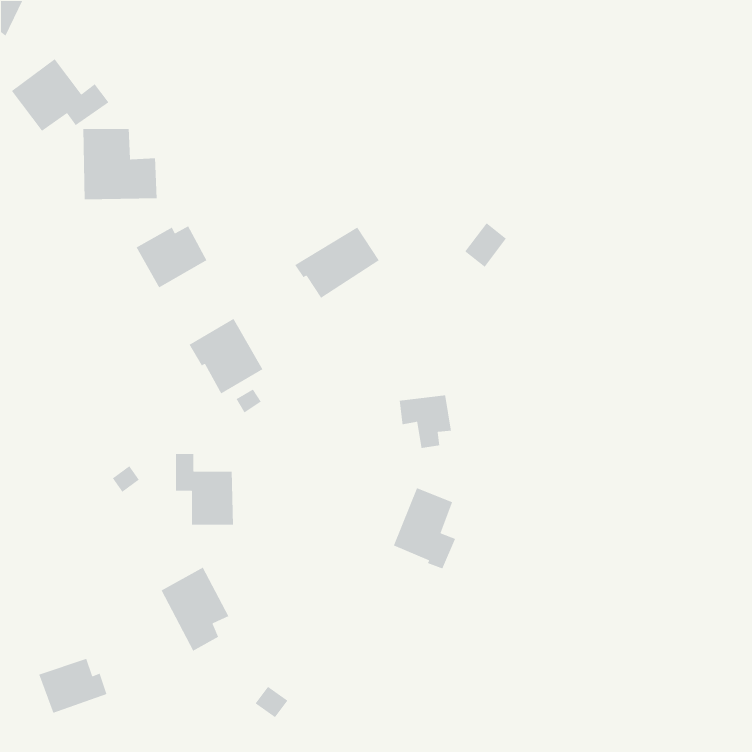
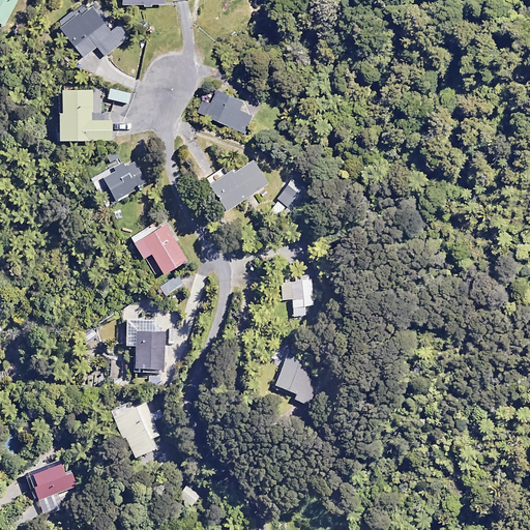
building: [11,58,109,132] -> [60,6,129,58]
building: none -> [200,90,253,132]
building: [464,222,507,268] -> [278,178,308,210]

